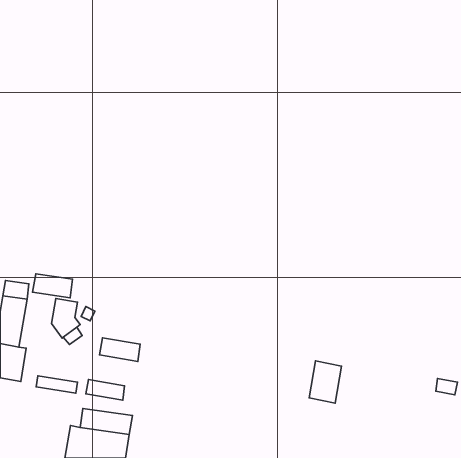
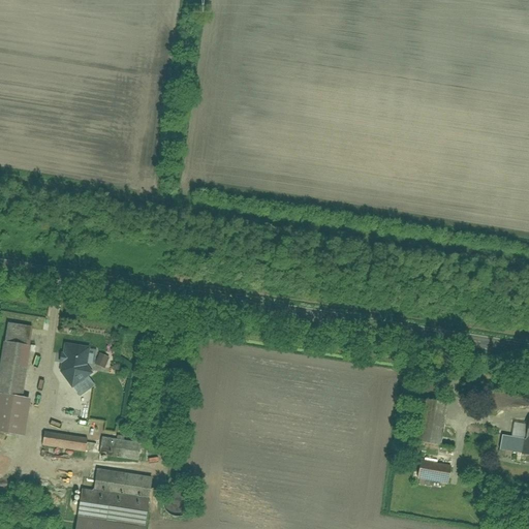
building: [33,274,73,298] -> none
building: [100,338,140,361] -> none
building: [309,361,342,403] -> [409,397,446,445]
building: none -> [416,460,450,484]

